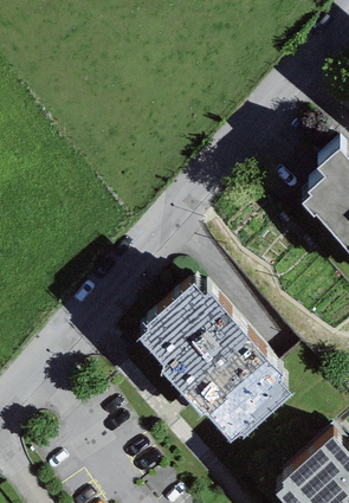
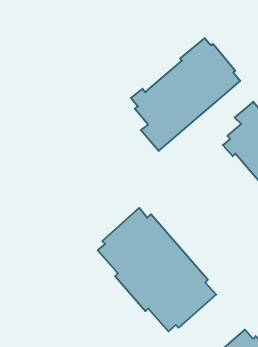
building: none -> [131,38,240,151]

